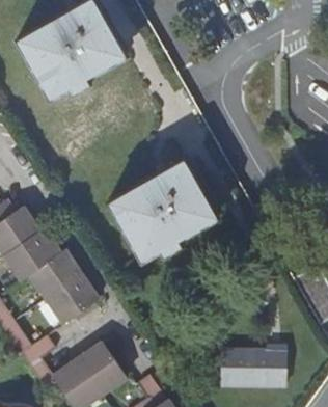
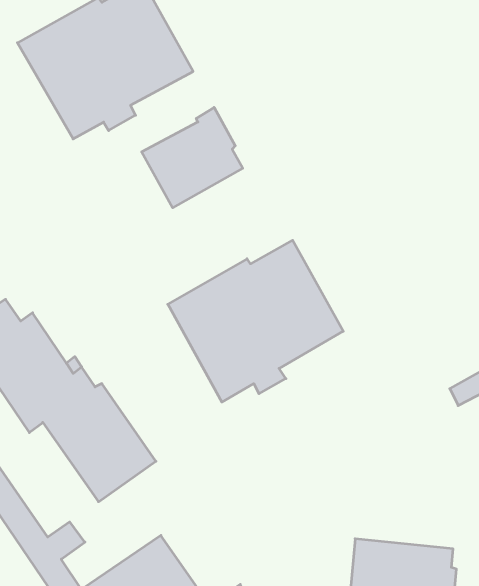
building: none -> [142,107,243,208]

